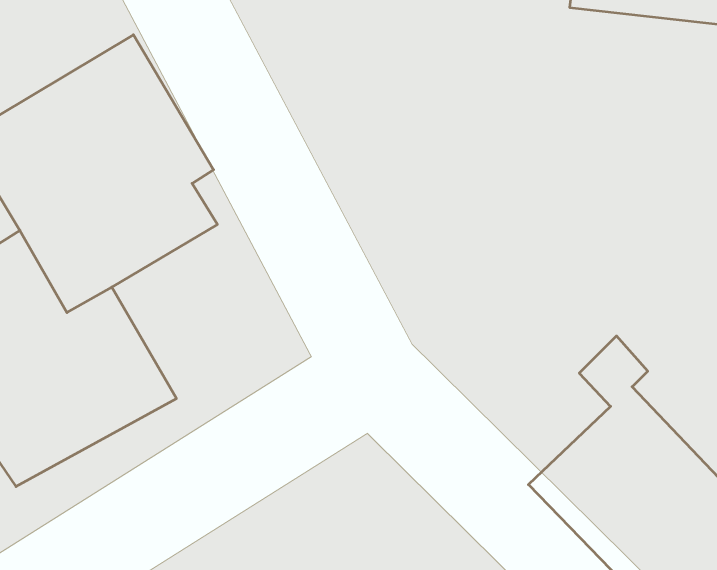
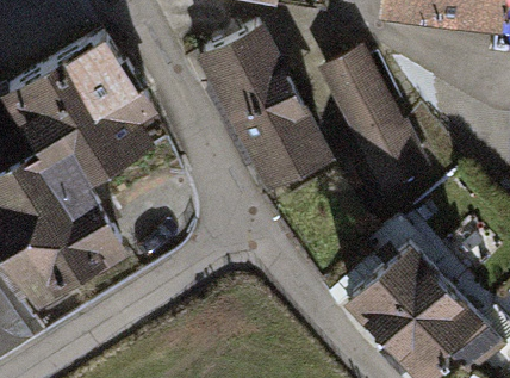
building: none -> [193,20,334,197]
building: none -> [315,45,429,193]

